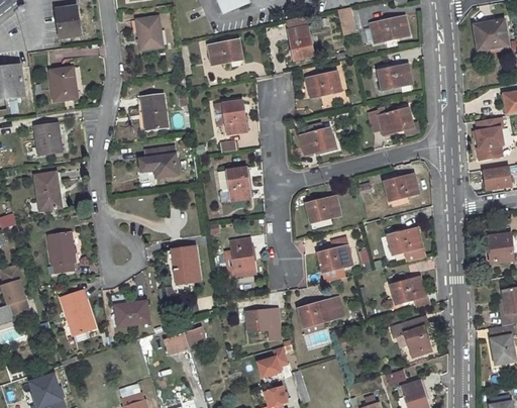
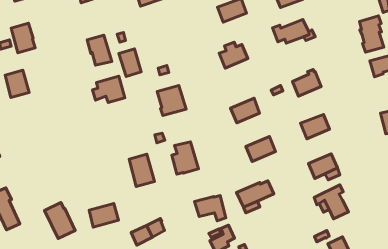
building: [222,101,246,133] -> [119,49,141,76]
building: [34,172,61,210] -> none
building: [47,232,75,274] -> none

